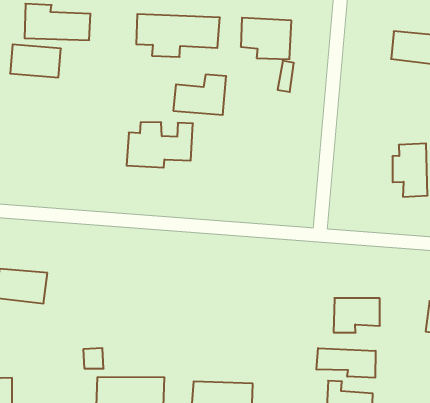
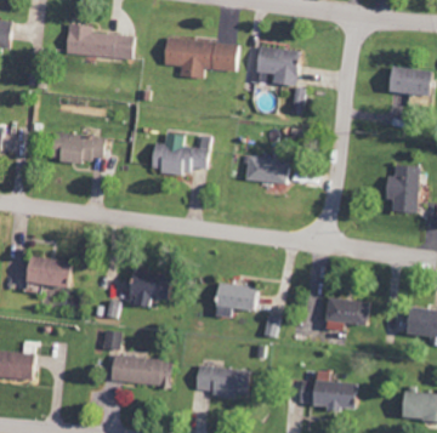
building: [10,44,61,77] -> [58,132,104,164]
building: [173,75,226,115] -> [242,148,290,184]
building: none -> [134,272,175,306]
building: none -> [217,284,260,317]
building: [317,348,376,378] -> none

